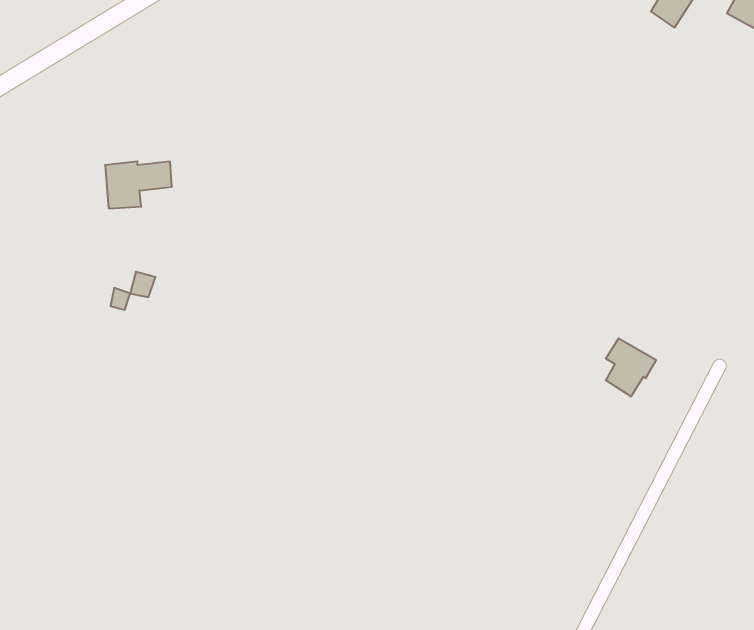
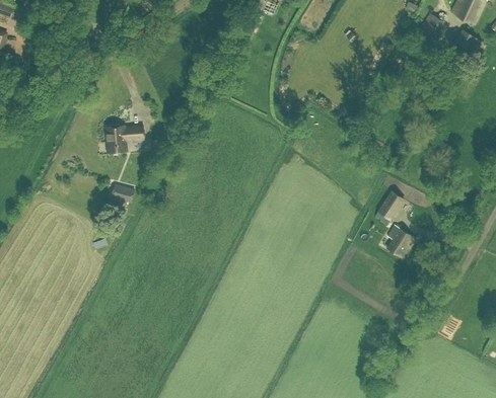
building: none -> [374,191,404,224]

